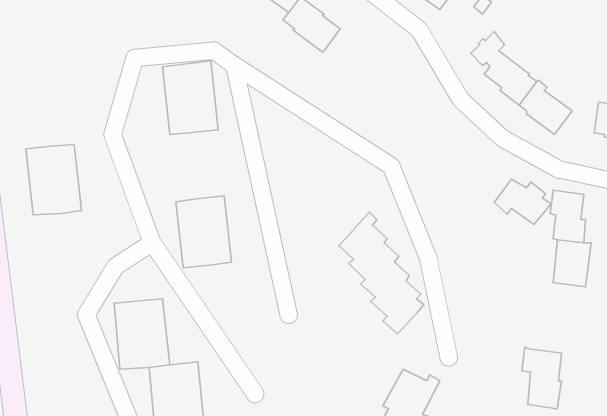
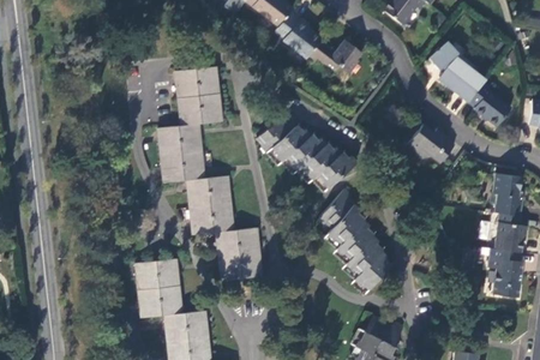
building: none -> [307,38,361,74]
building: none -> [256,118,355,187]
building: [26,144,81,215] -> [157,125,203,182]
building: [494,179,551,225] -> [407,124,454,161]
building: none -> [216,229,259,281]
building: [522,347,561,409] -> [488,246,521,296]

